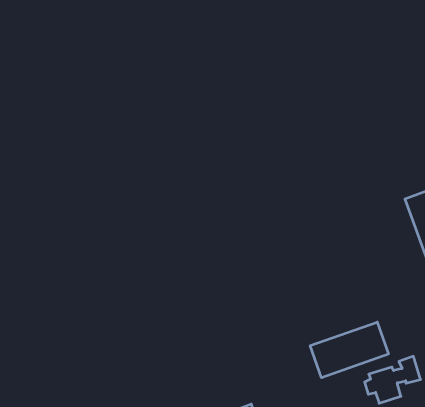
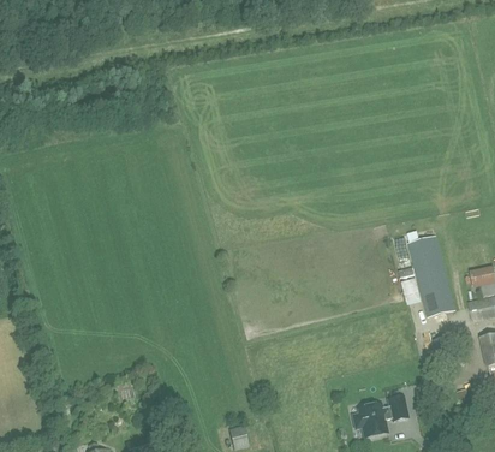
building: [310,322,388,378] -> none

